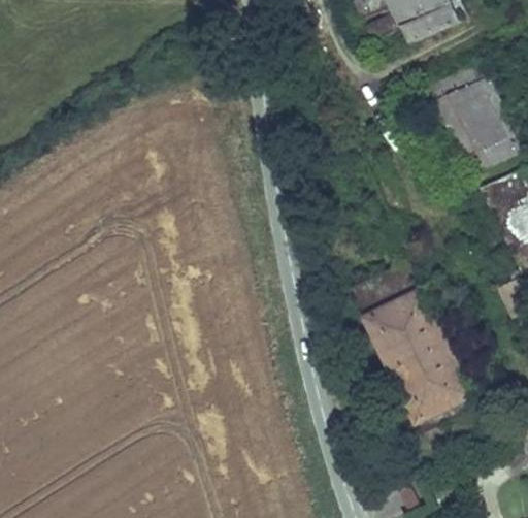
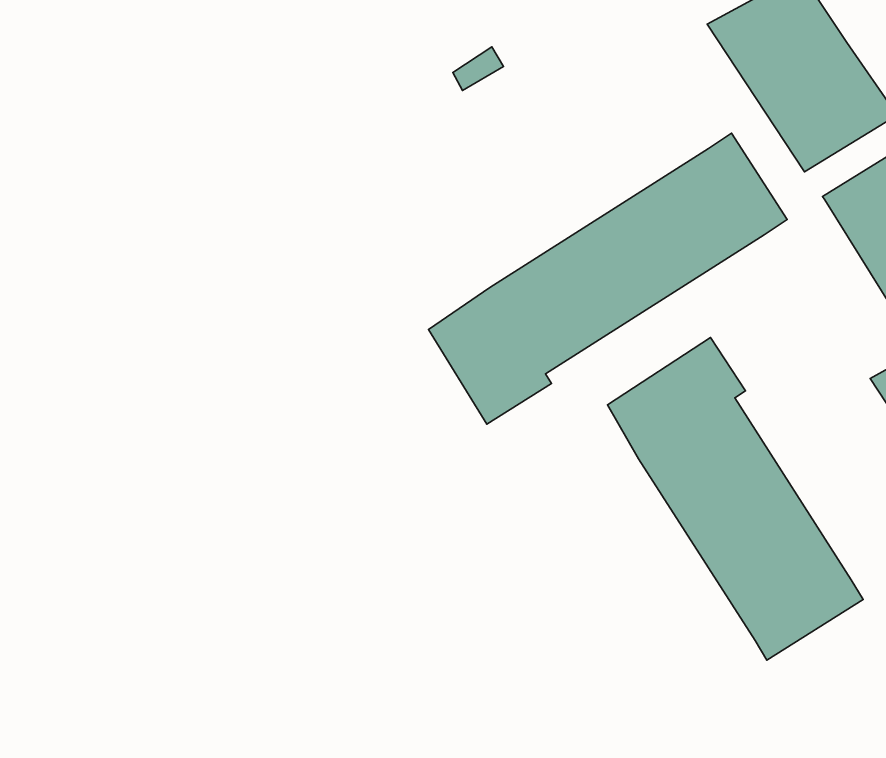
building: none -> [428,133,787,424]

